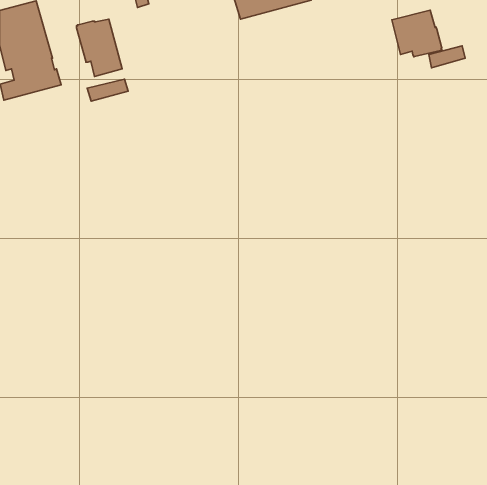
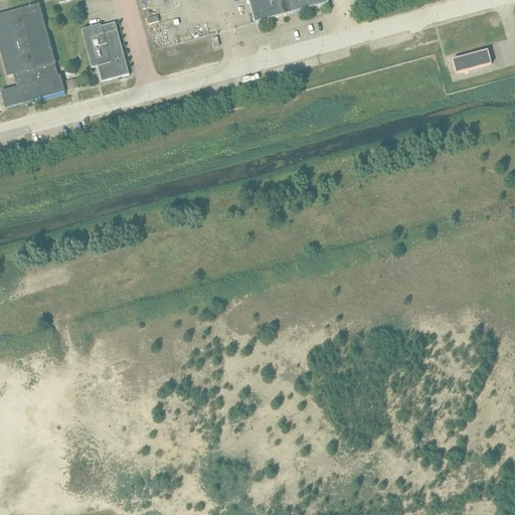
building: [392,10,442,57] -> none
building: [87,79,128,101] -> none

